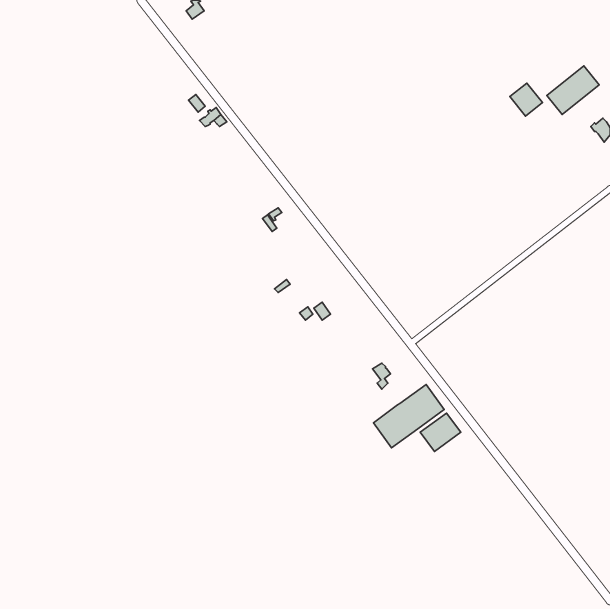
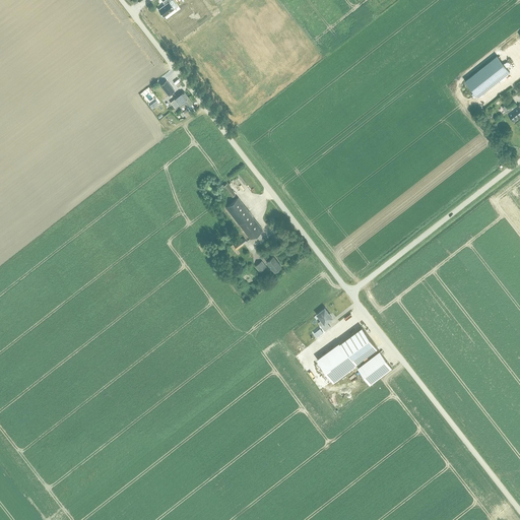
building: [510,83,543,116] -> none
building: none -> [225,199,262,240]

